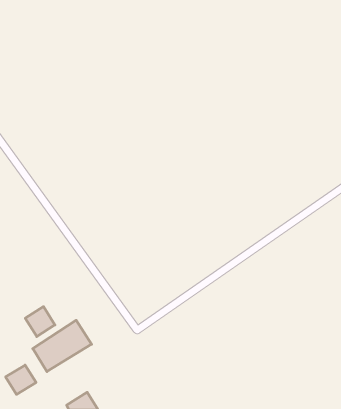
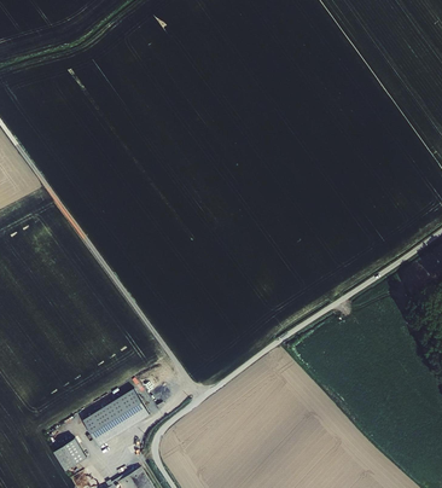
building: [25,307,55,337] -> none

